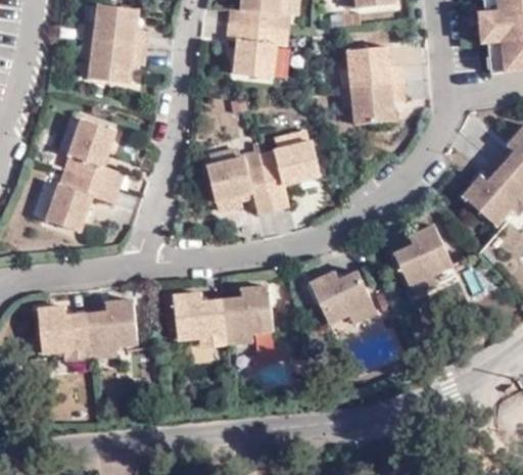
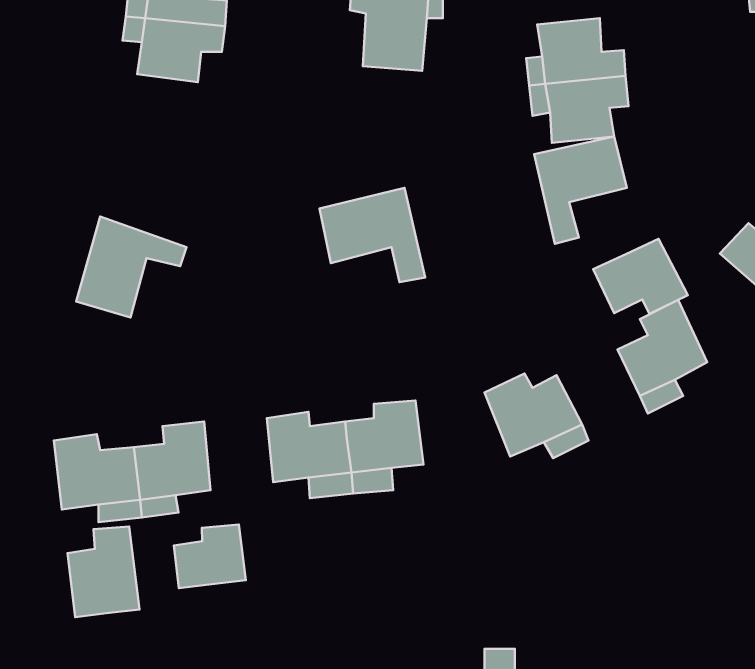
building: [66,120,126,189] -> none
building: [260,140,320,208] -> [534,137,627,244]
building: none -> [593,239,688,314]
building: none -> [174,524,246,588]
building: none -> [67,526,139,617]

